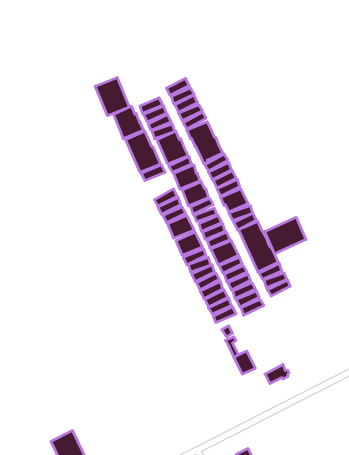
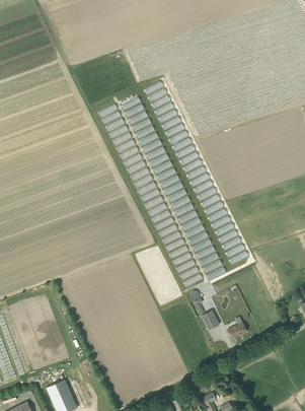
building: [95,77,129,116] -> none
building: [265,217,306,254] -> none

